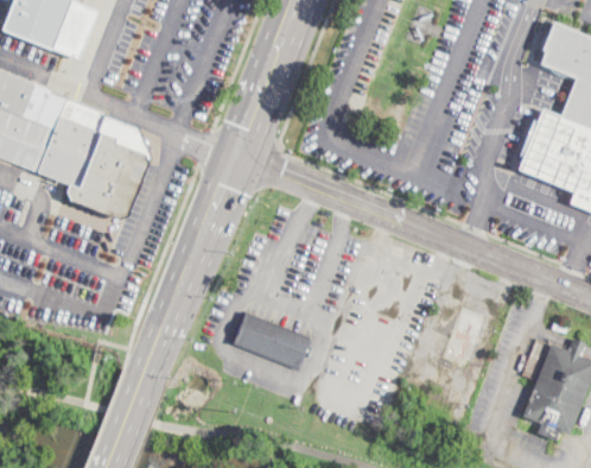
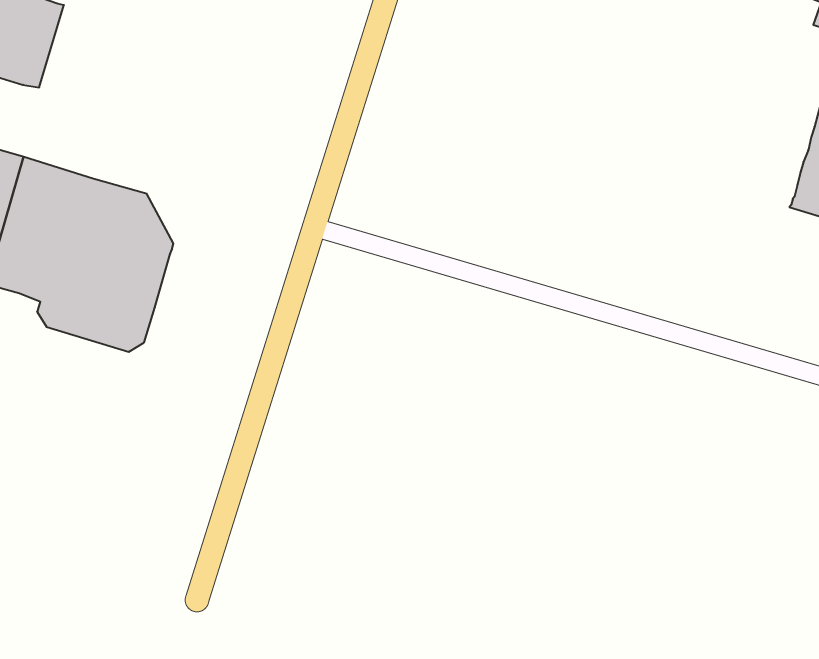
building: [234,314,310,369] -> none

